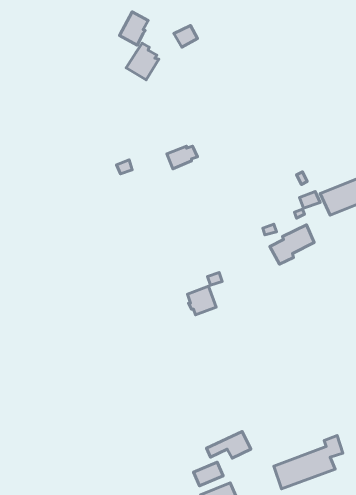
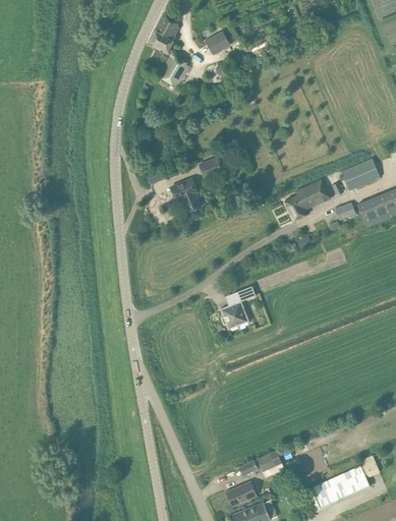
building: none -> [340,158,381,191]
building: none -> [170,179,201,212]
building: [270,225,314,264] -> [284,179,330,220]

